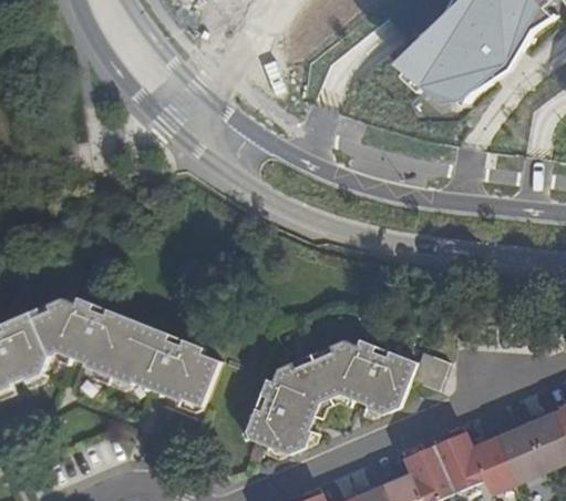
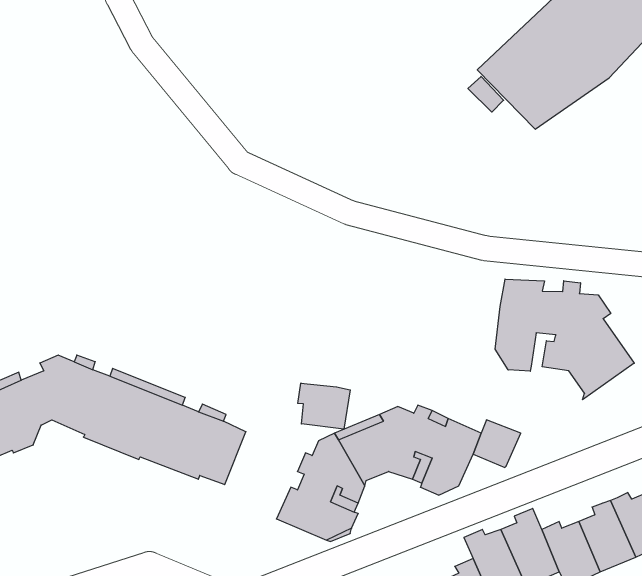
building: none -> [495,279,634,400]
building: none -> [298,383,350,429]

